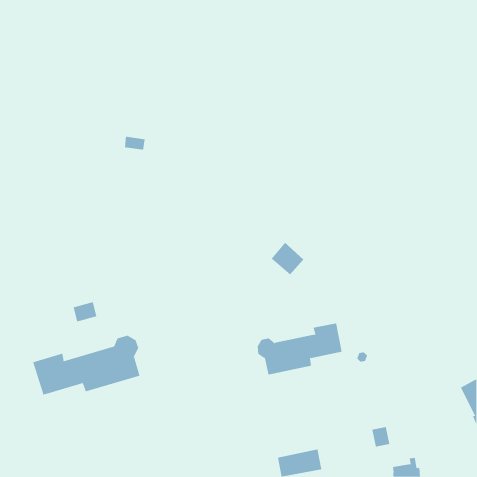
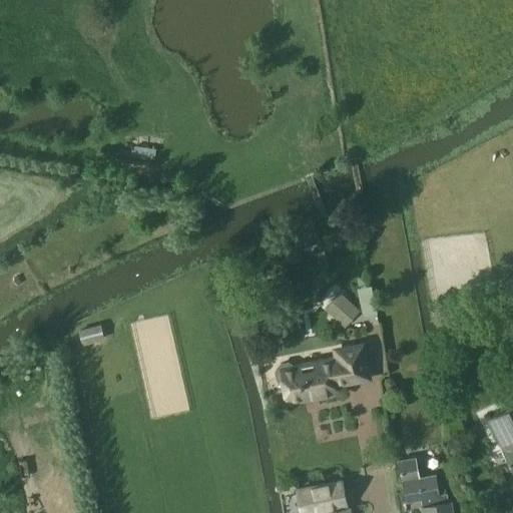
building: [271,242,304,275] -> [324,292,360,328]
building: [33,335,140,395] -> none
building: none -> [403,475,440,503]

